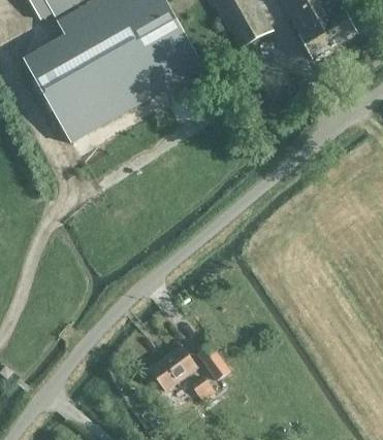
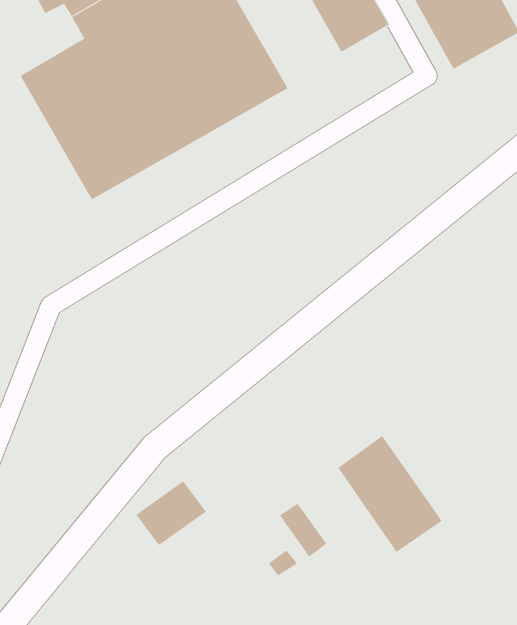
building: none -> [338,435,442,553]
building: [150,344,197,387] -> [135,481,207,546]

